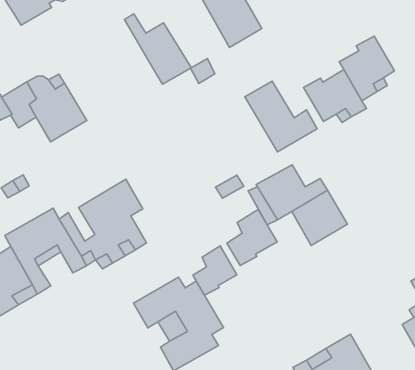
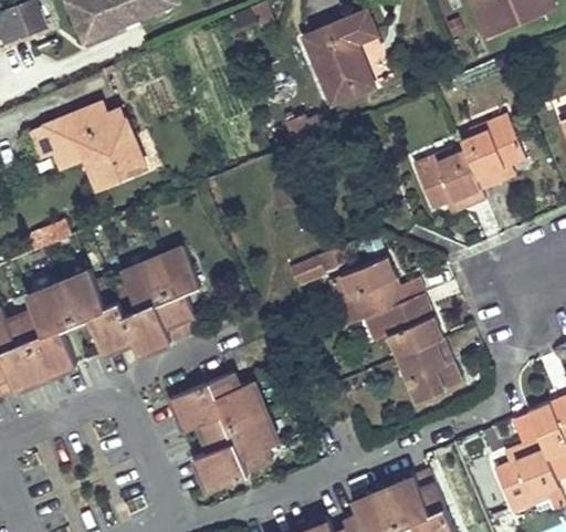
building: [124,14,191,84] -> none
building: [245,81,317,152] -> none
building: [227,209,277,266] -> none
building: none -> [397,337,463,403]
building: [193,246,237,295] -> none

